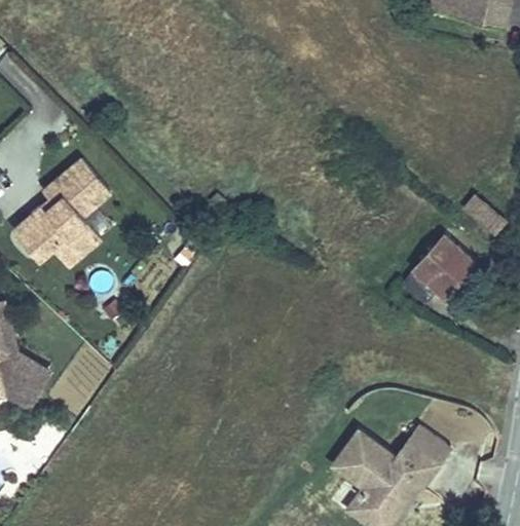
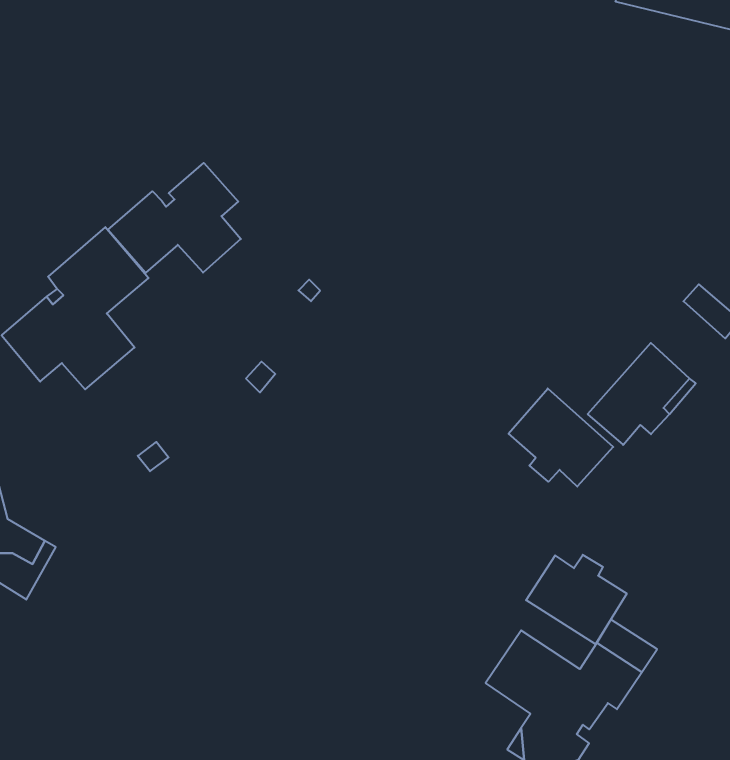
building: none -> [108,163,241,273]
building: none -> [509,388,613,487]
building: none -> [526,555,627,644]

